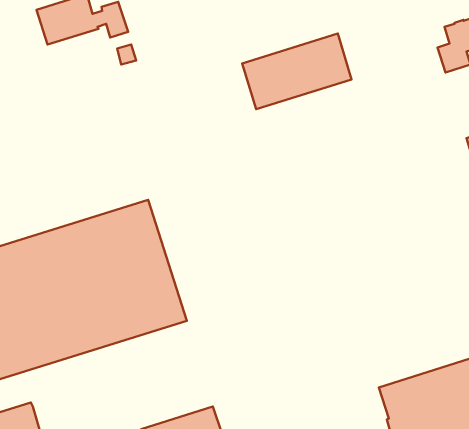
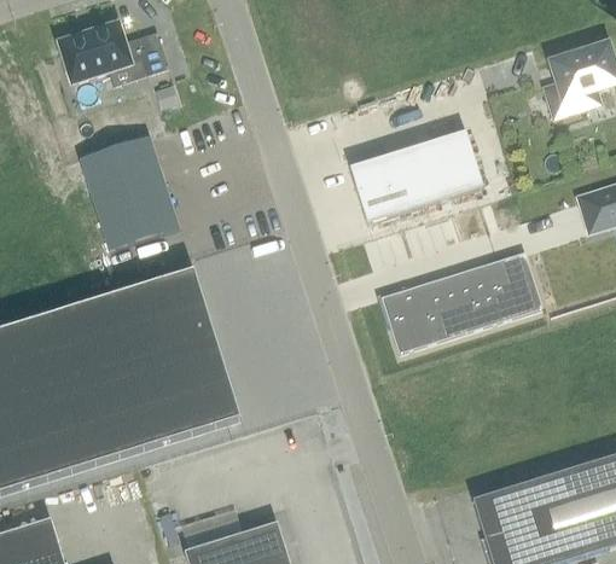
building: [242,34,352,109] -> [350,130,483,222]
building: none -> [80,133,179,248]
building: none -> [382,252,542,353]

